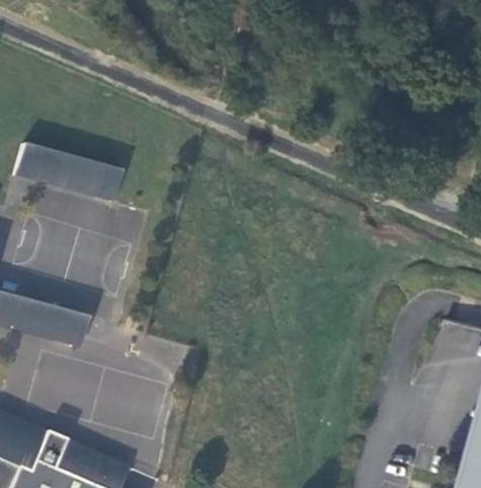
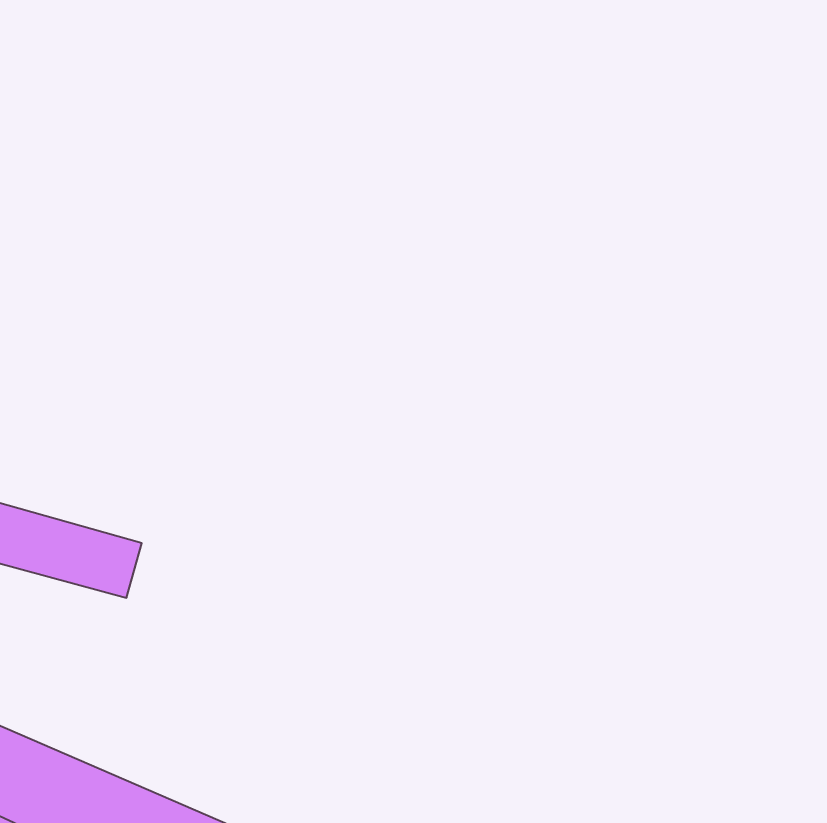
building: [12,143,119,201] -> none

